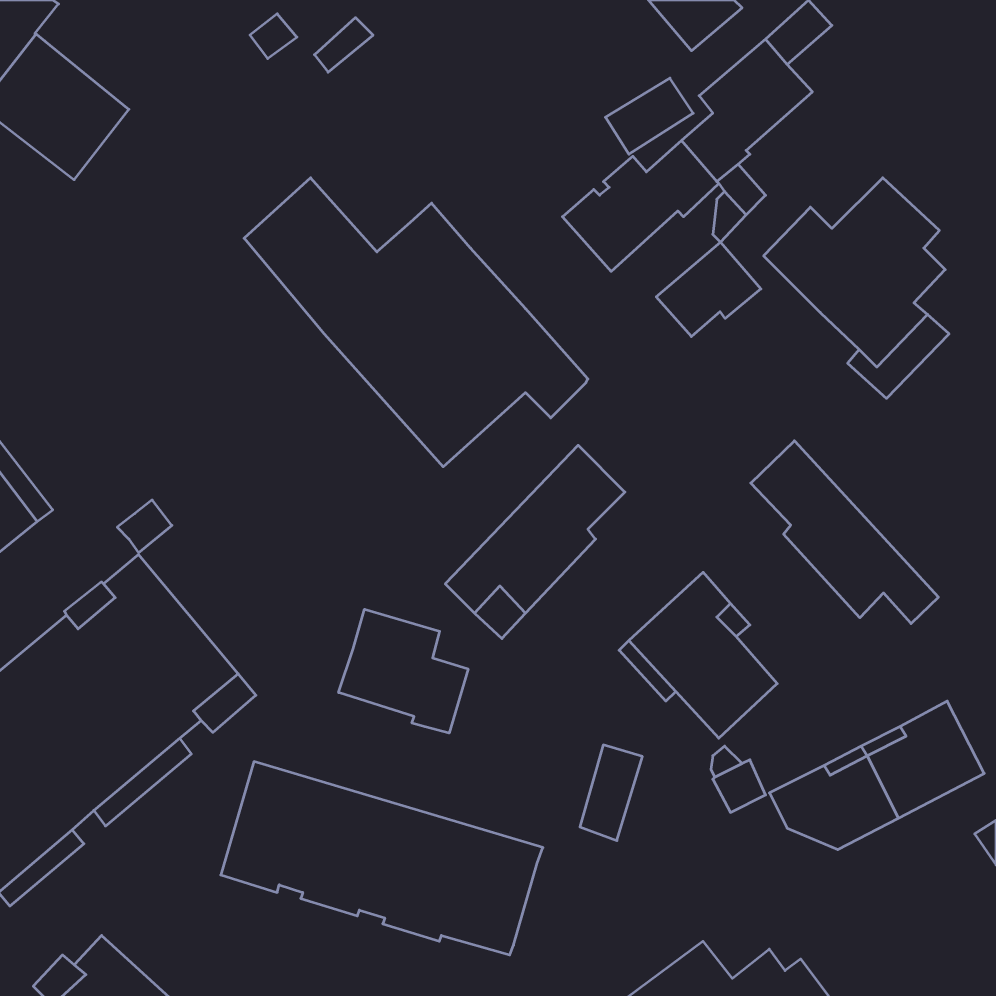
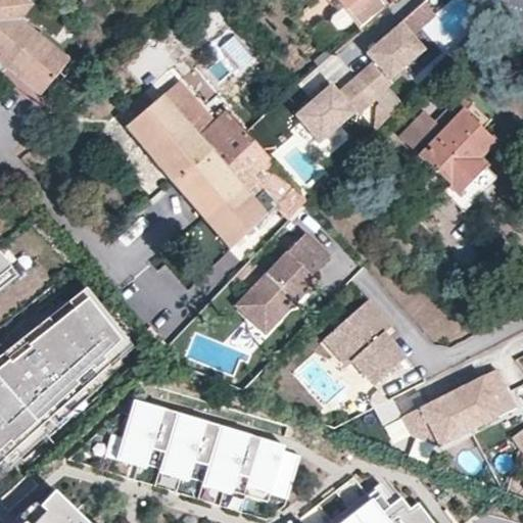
building: none -> [162,79,215,133]
building: [656,242,761,337] -> none
building: [751,441,938,624] -> none
building: [339,609,468,733] -> none
building: [580,745,642,841] -> [269,453,301,503]

